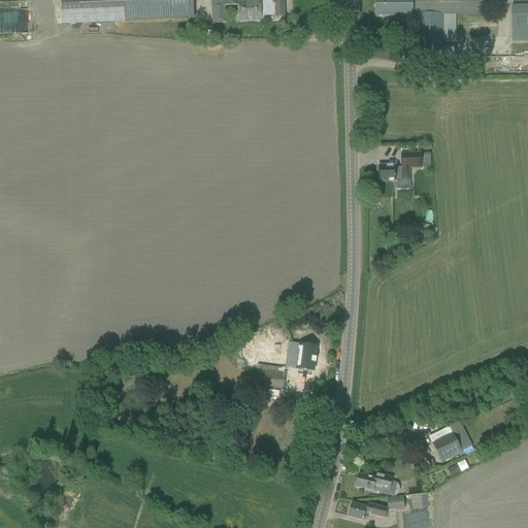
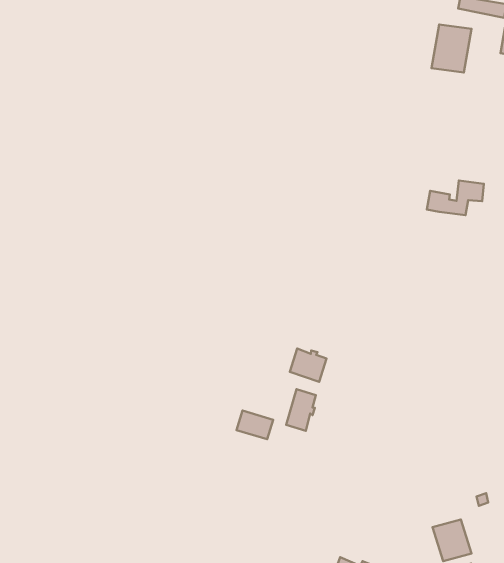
building: none -> [431,24,472,73]
building: none -> [290,348,326,382]

